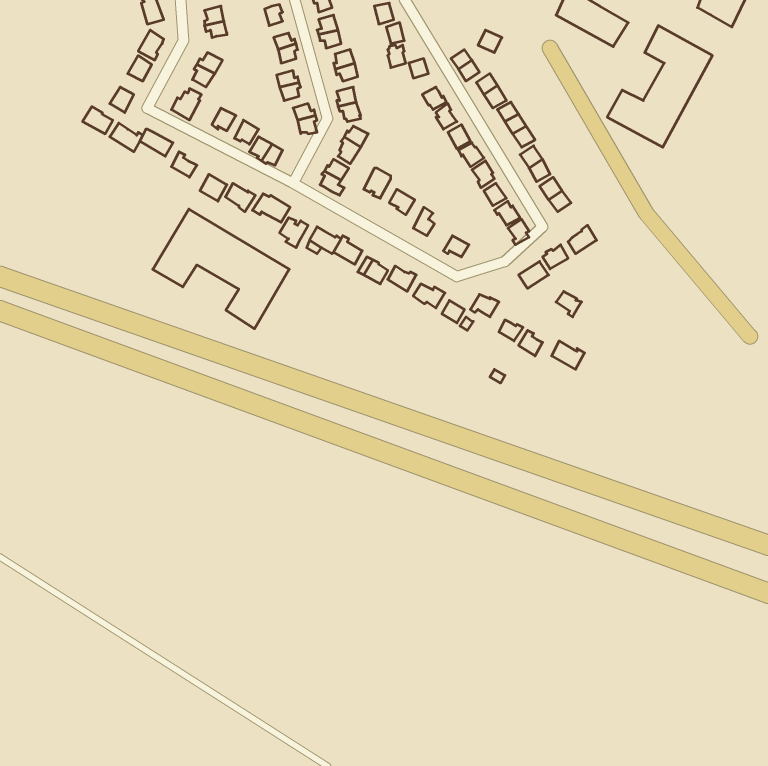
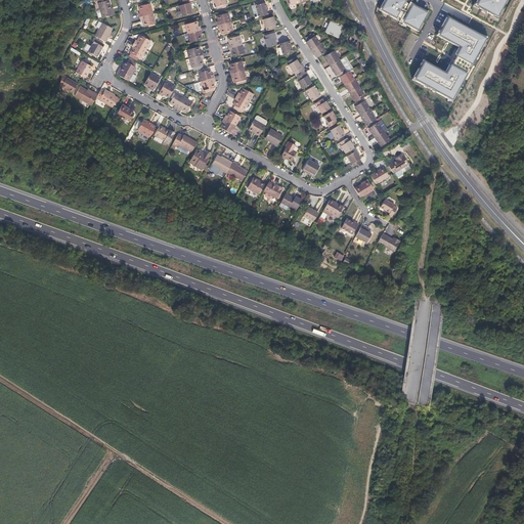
building: [153,209,289,329] -> none

